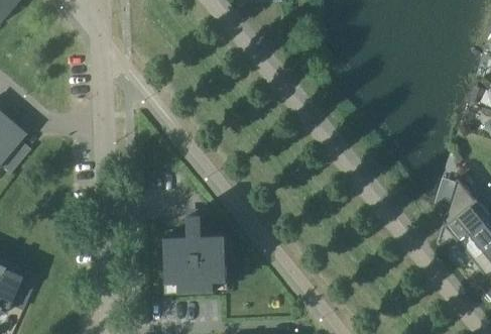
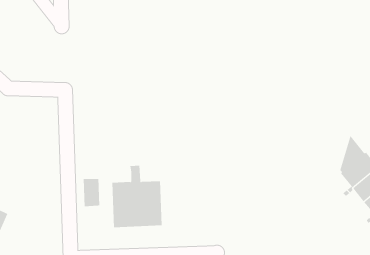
building: none -> [83,178,100,207]

